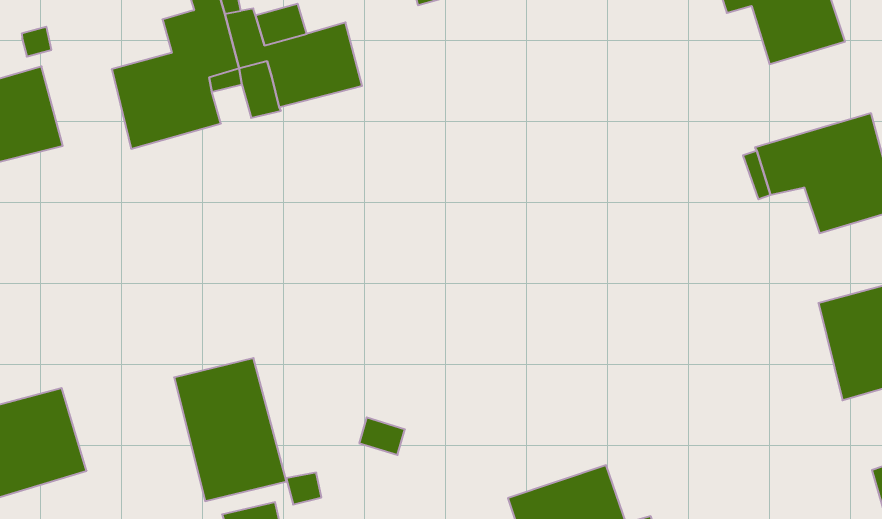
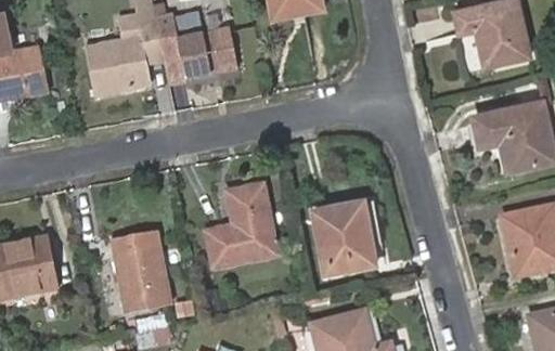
building: none -> [203,181,281,269]
building: none -> [309,198,380,279]

